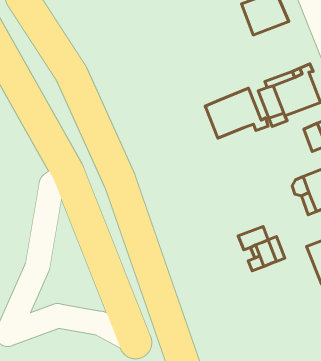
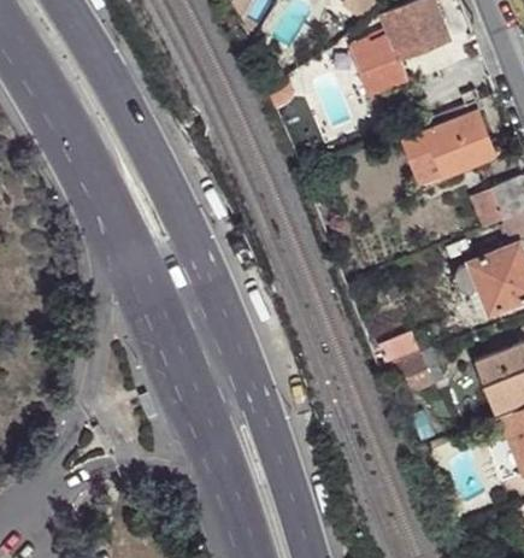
building: none -> [355,36,407,96]
building: [205,88,268,138] -> none

